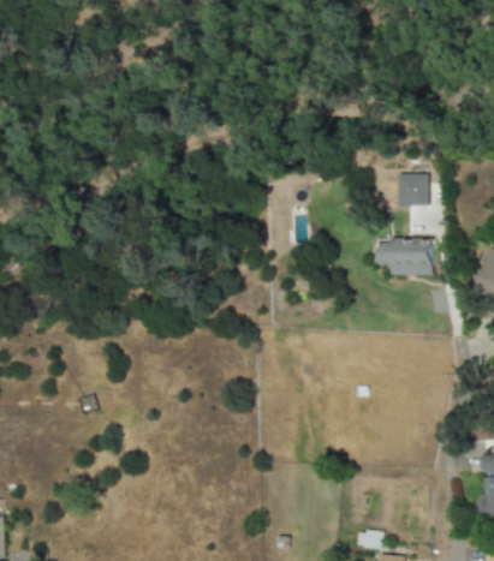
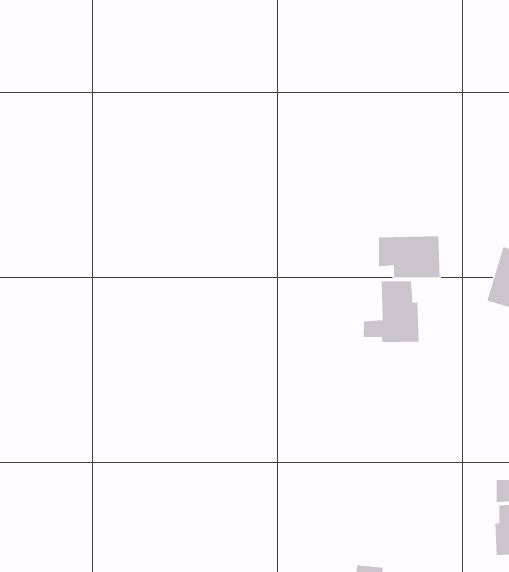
building: [395,173,427,205] -> none
building: none -> [363,280,419,343]

